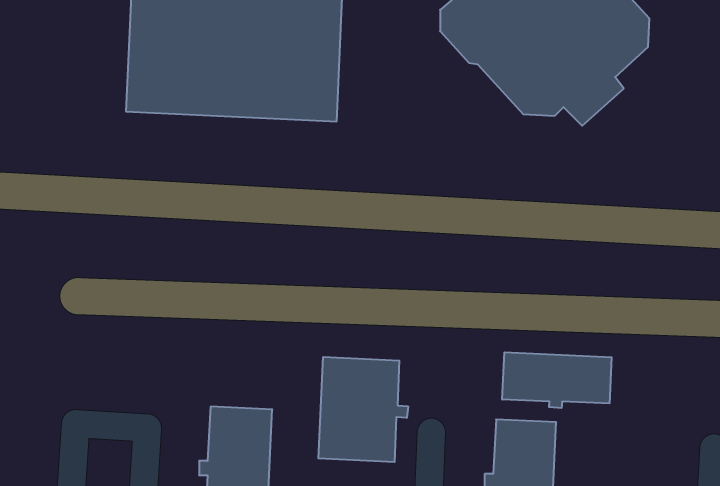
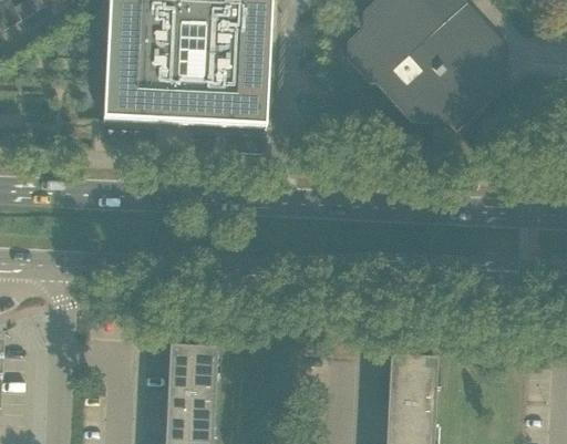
building: [502,352,612,408] -> none
building: [318,357,408,462] -> none

